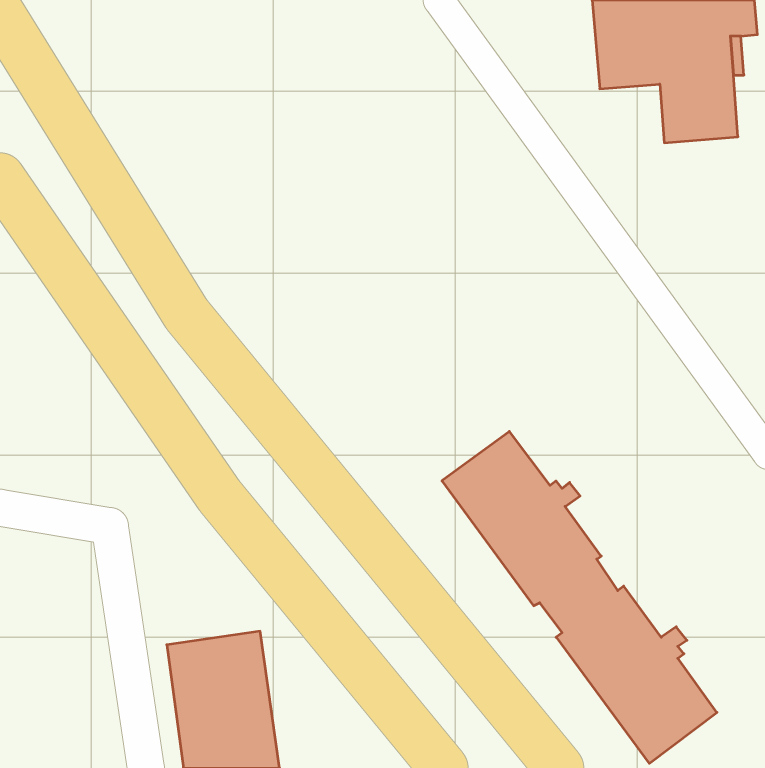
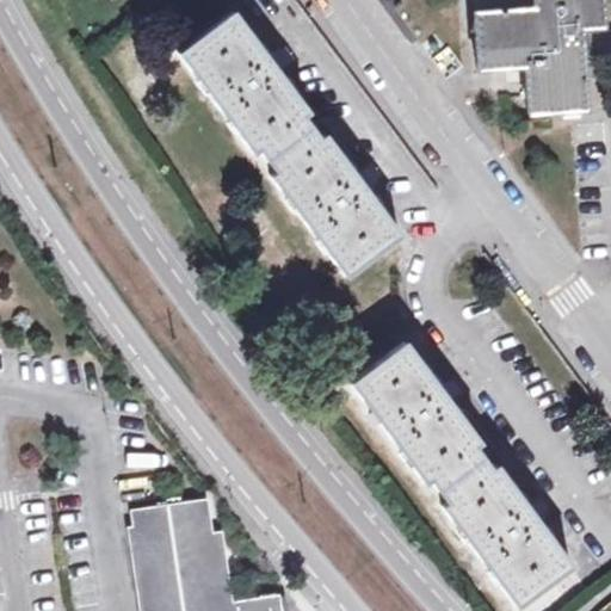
building: none -> [180,13,401,276]

